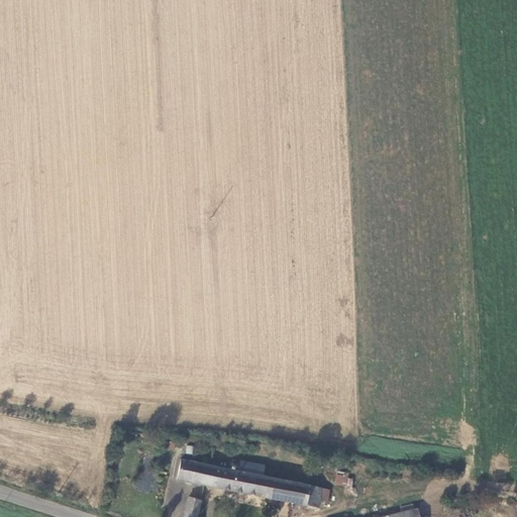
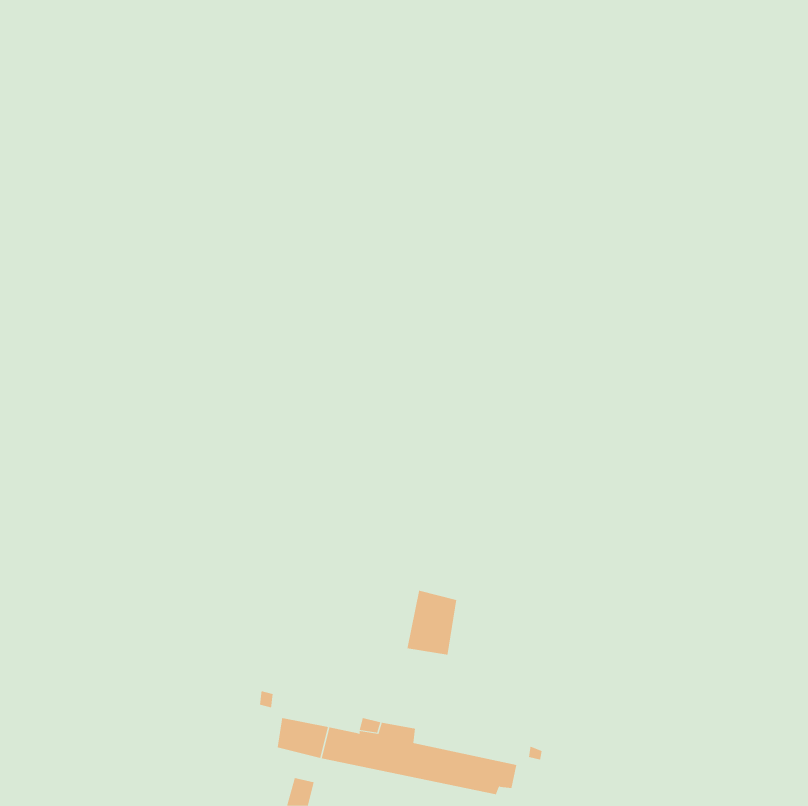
building: none -> [407,590,457,655]

